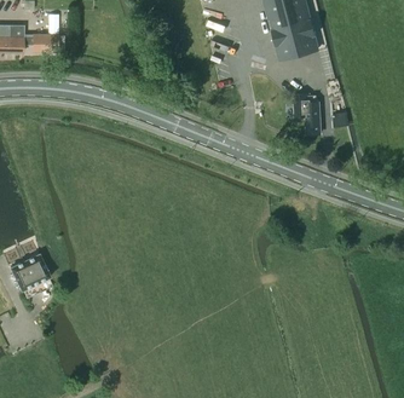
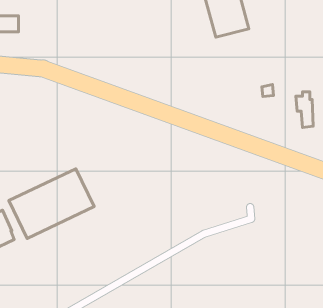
building: [300,93,319,133] -> [296,92,313,127]
building: none -> [9,169,94,238]

